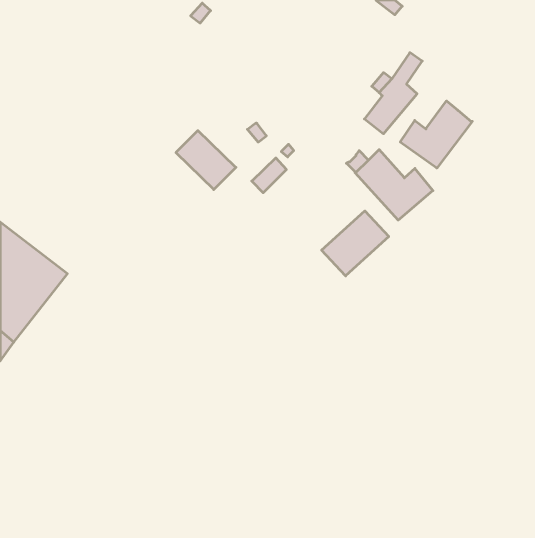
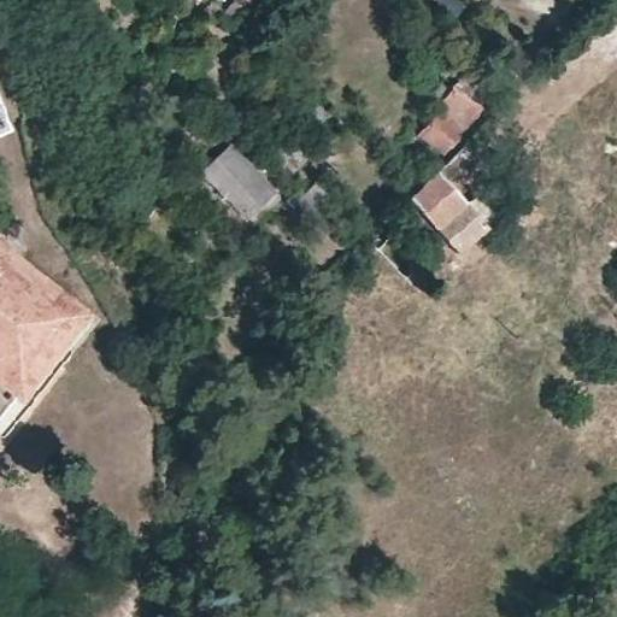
building: [400,101,472,168] -> none
building: [322,211,389,276] -> none

